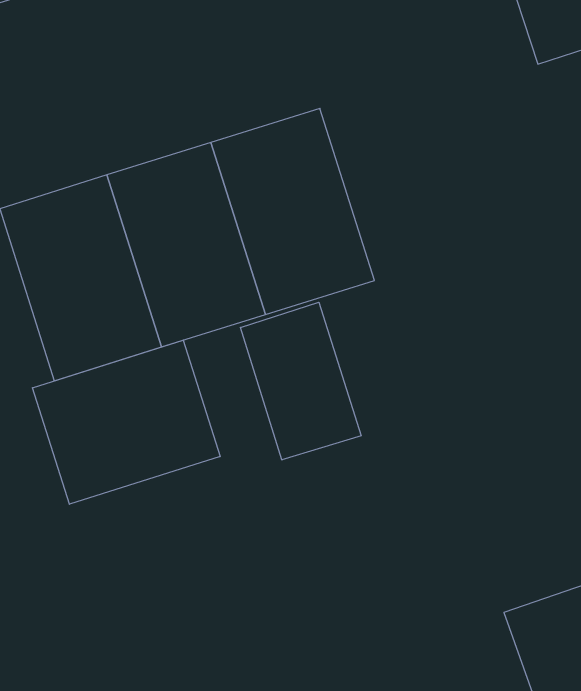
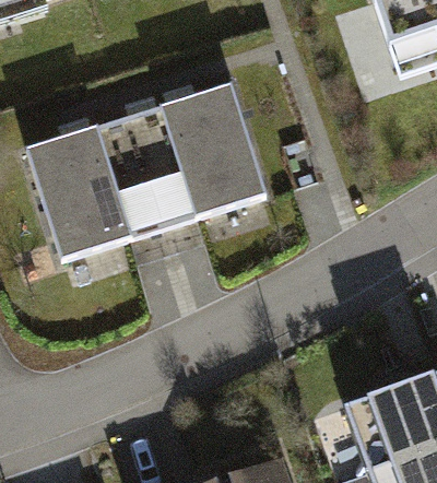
building: [240,302,361,460] -> none
building: [32,340,220,504] -> none

